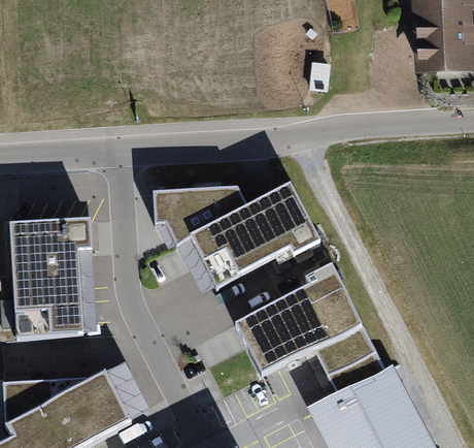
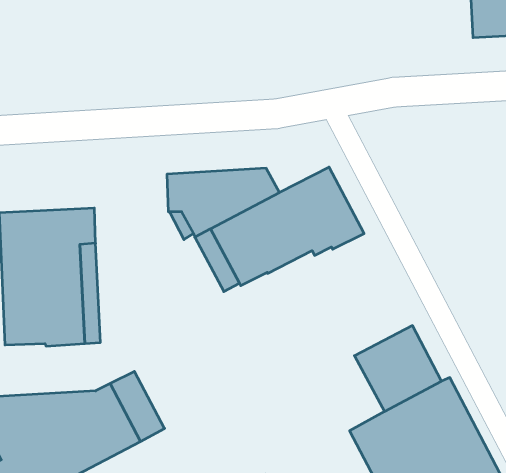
building: [235,264,362,374] -> none

